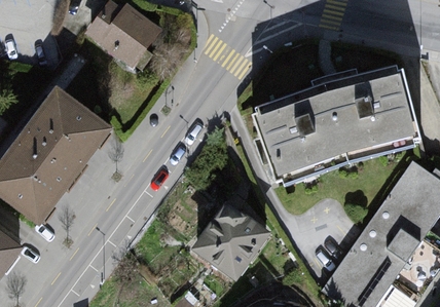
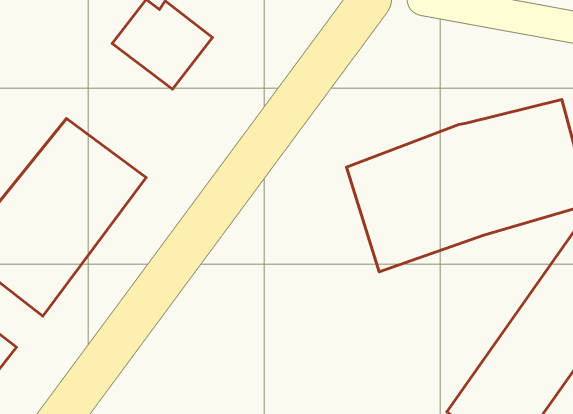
building: [192,207,271,281] -> none

